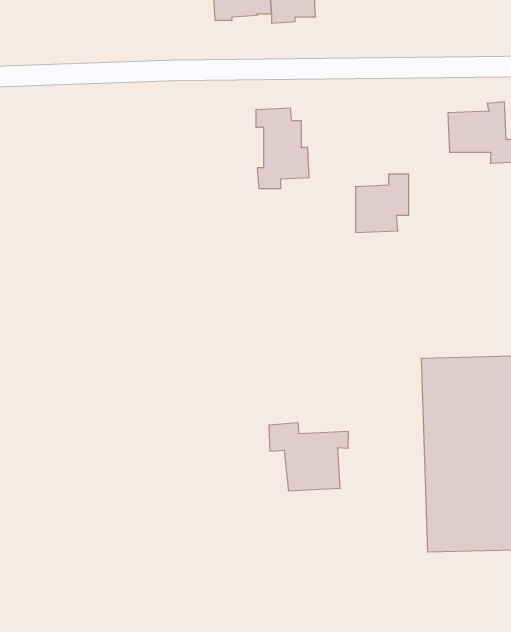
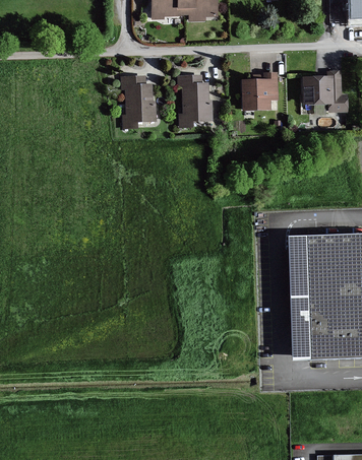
building: none -> [123,76,157,128]
building: [355,174,409,232] -> [243,73,278,111]
building: [269,422,348,491] -> none

